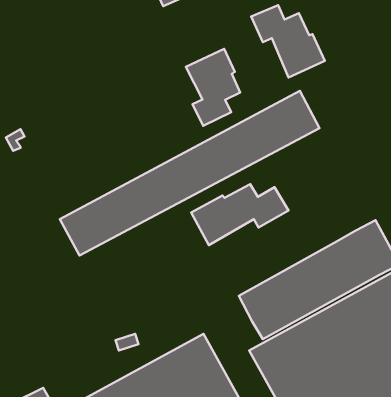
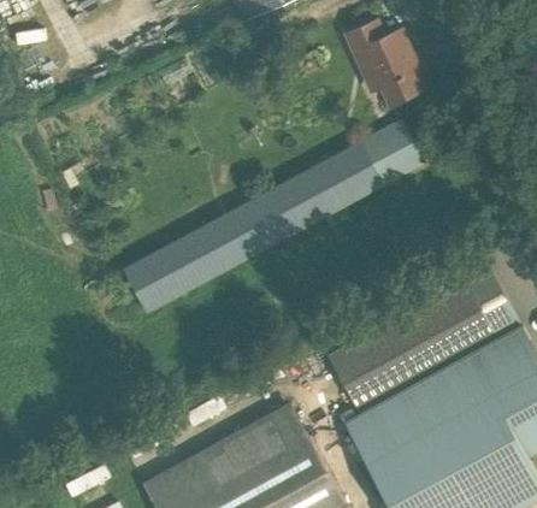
building: [186,49,240,126] -> none
building: [191,184,288,245] -> none

